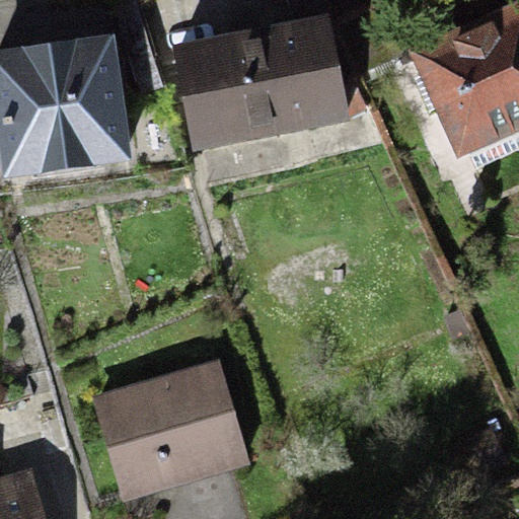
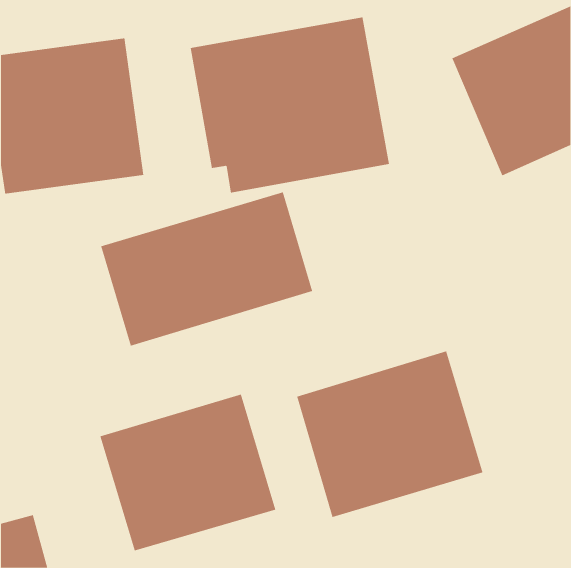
building: none -> [100,192,313,347]
building: none -> [296,350,483,518]

